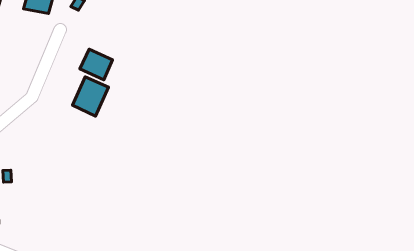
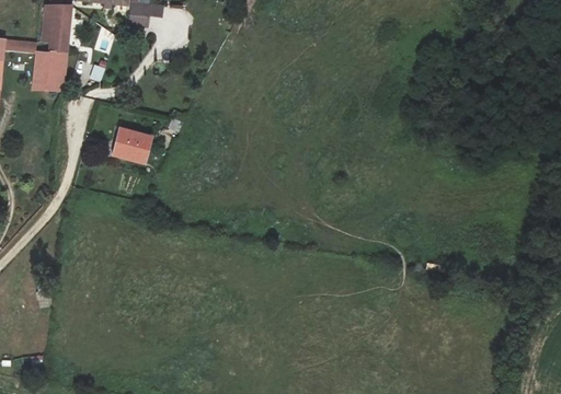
building: [73,77,108,116] -> none

